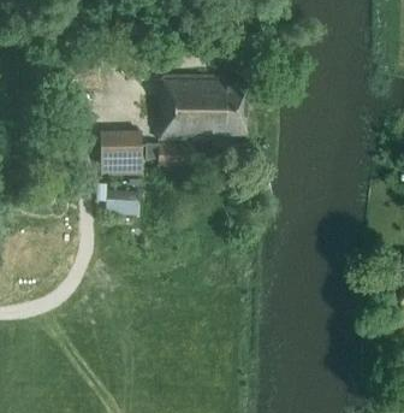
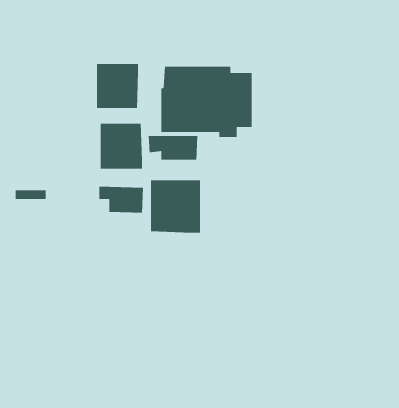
building: none -> [96,63,139,109]
building: none -> [150,179,201,233]

